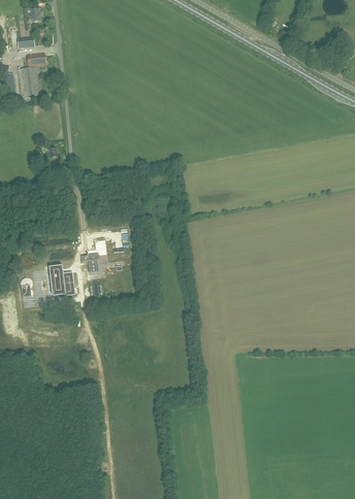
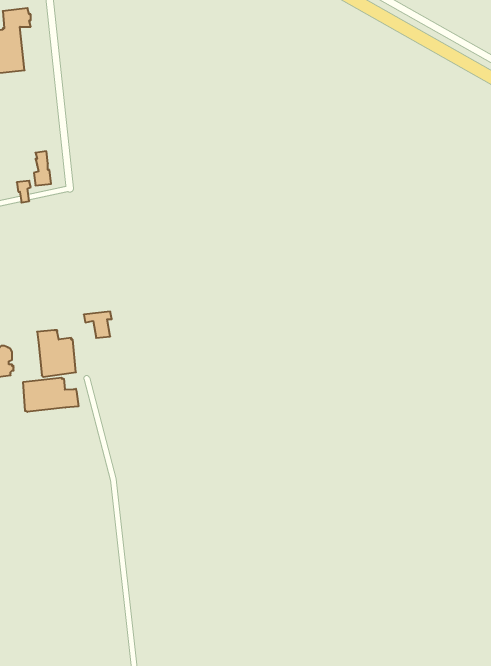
building: none -> [23,378,78,412]

